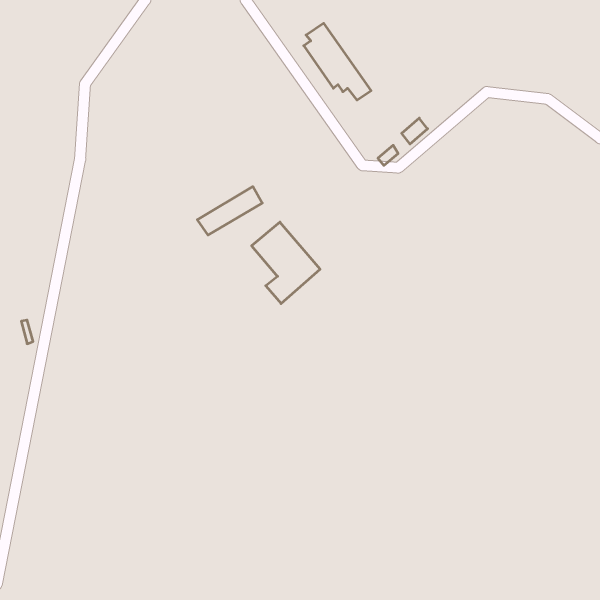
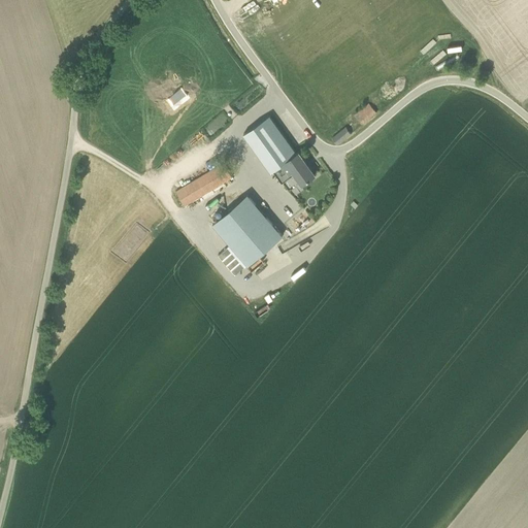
building: [304,23,371,100] -> [253,120,311,187]

